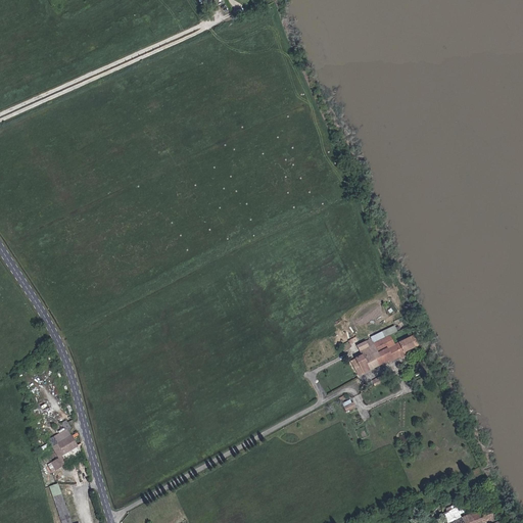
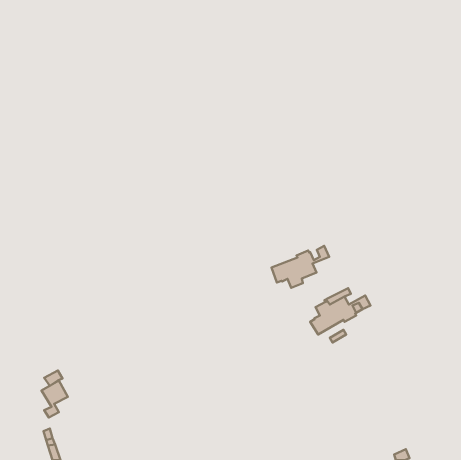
building: none -> [271,246,329,288]

